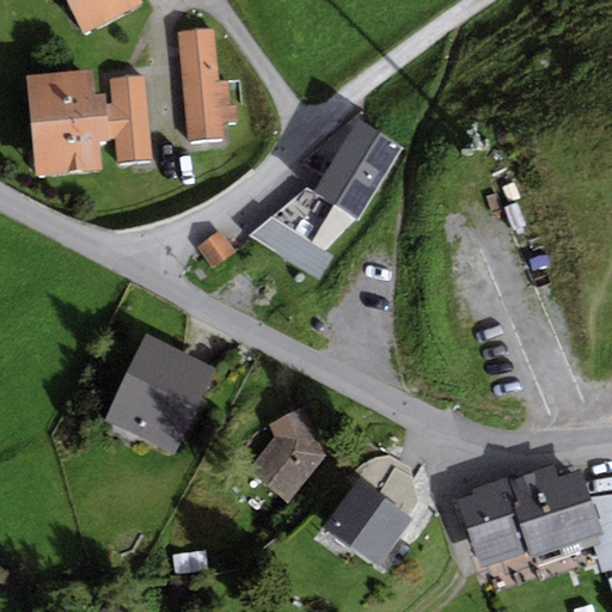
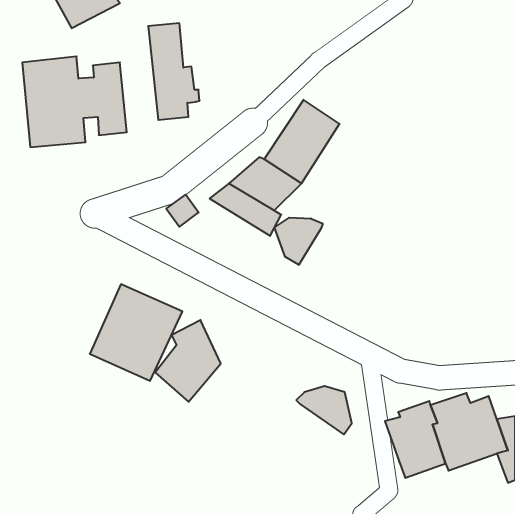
building: none -> [274,218,323,265]
building: [250,406,328,503] -> [155,320,221,402]
building: [323,479,412,567] -> none

